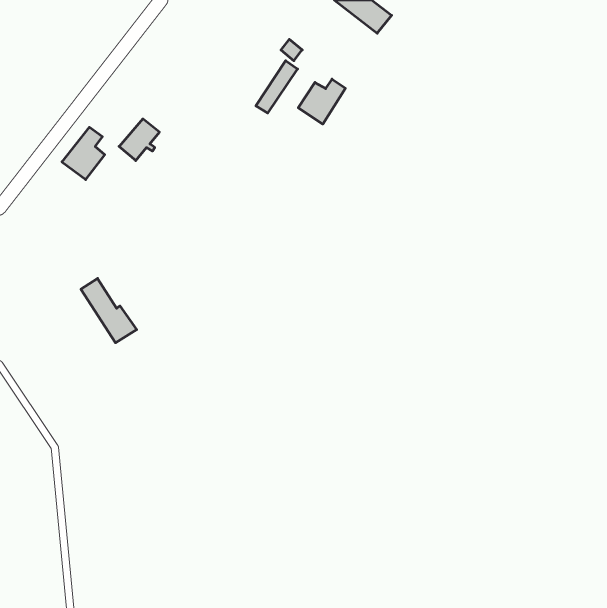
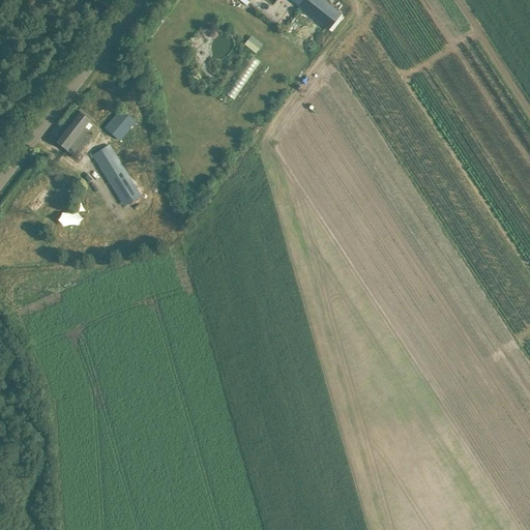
building: [298,79,345,124] -> none
building: [81,278,137,343] -> [92,144,141,200]

